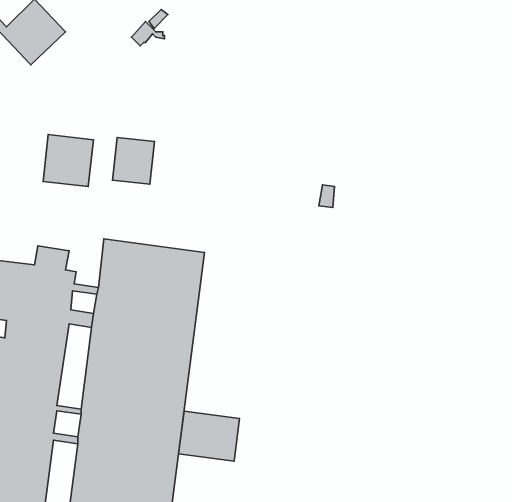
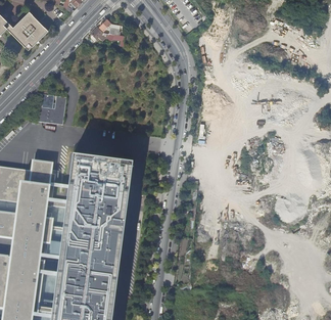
building: [113,137,154,184] -> none
building: [179,411,240,461] -> none

